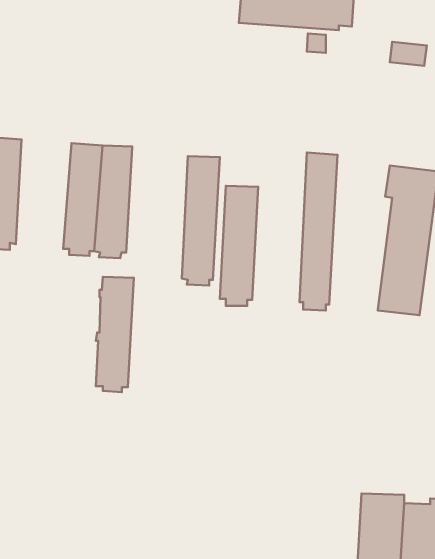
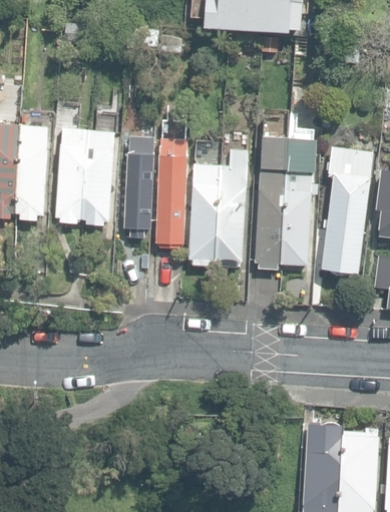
building: none -> [15,124,47,219]
building: none -> [280,137,316,265]
building: none -> [215,148,247,266]
building: [96,277,134,392] -> [122,135,154,232]

